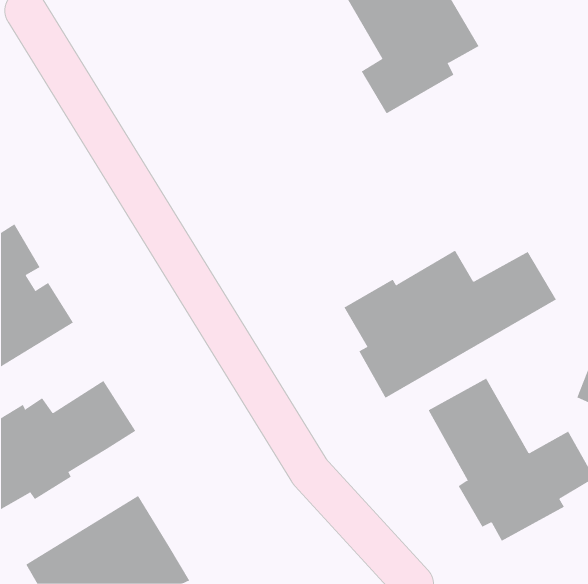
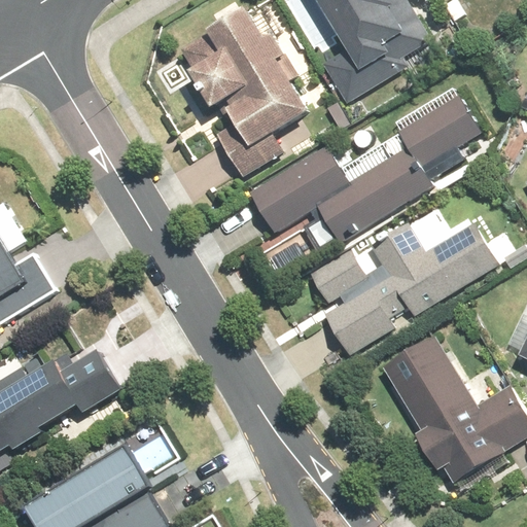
building: none -> [179,8,306,179]
building: none -> [248,89,478,246]

